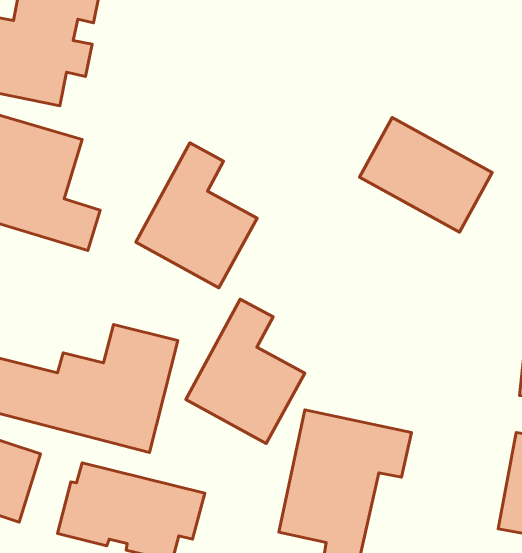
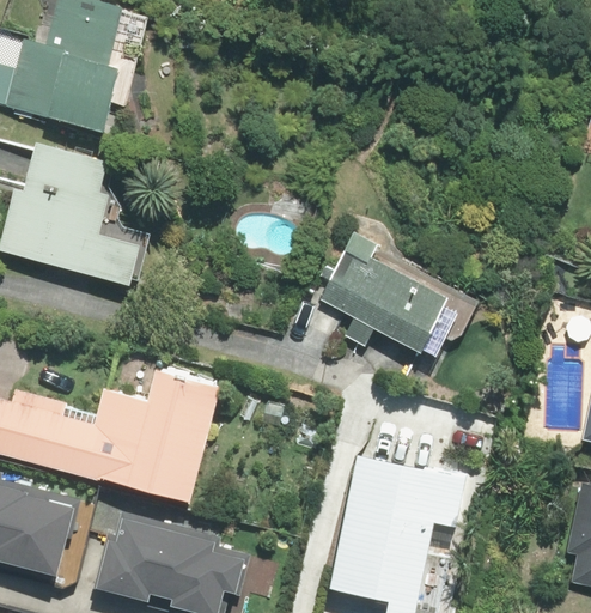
building: [359,118,492,232] -> [318,236,459,358]
building: [136,143,257,288] -> none
building: [186,299,305,444] -> none

